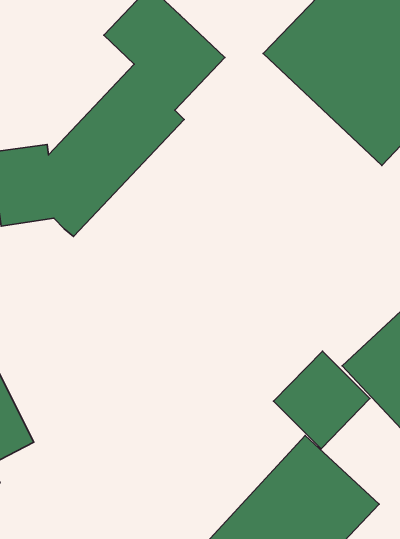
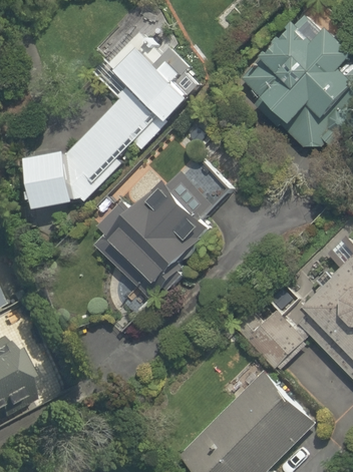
building: none -> [93,151,236,302]

